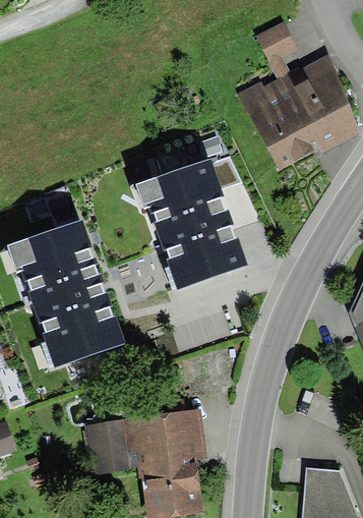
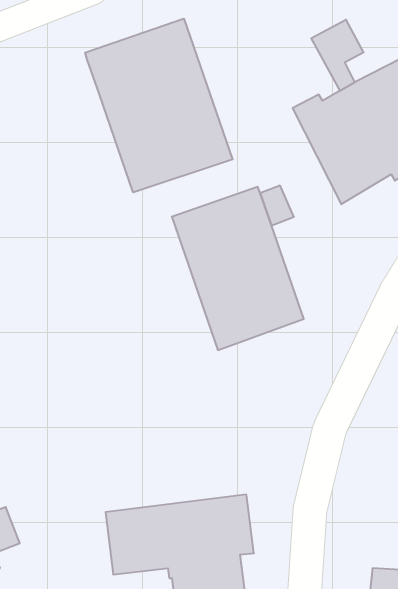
building: none -> [85,19,233,192]
building: [9,219,123,366] -> none

